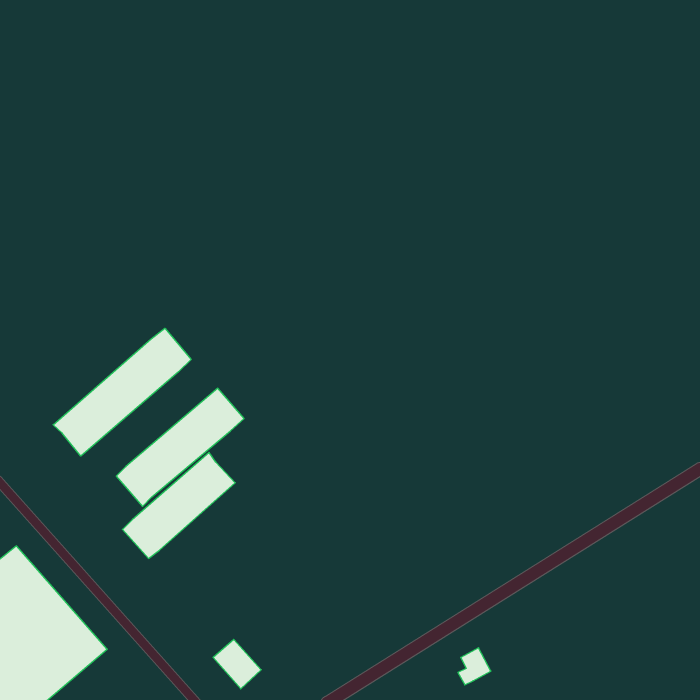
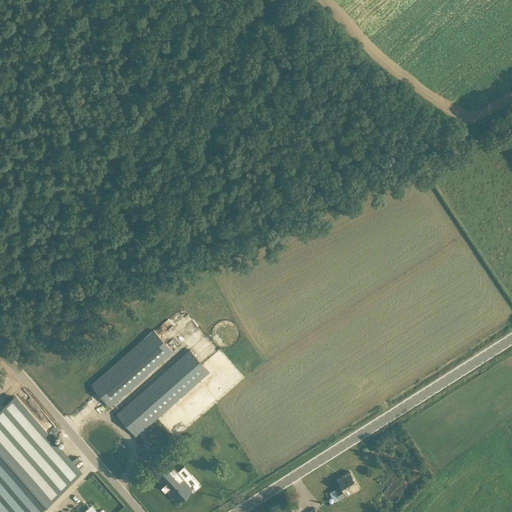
building: [53,328,191,456] -> none
building: [116,388,244,506] -> [115,352,208,438]

